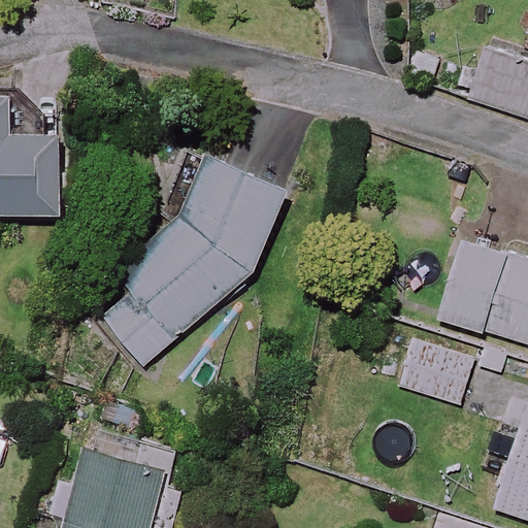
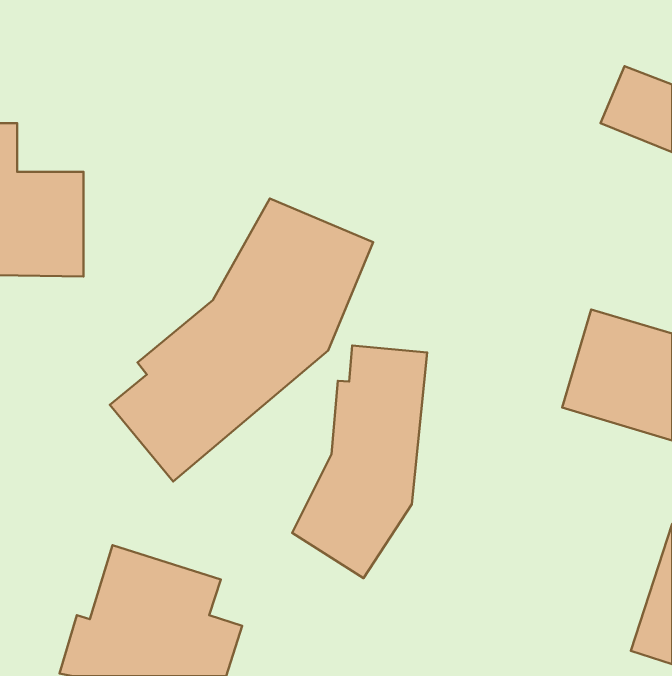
building: none -> [292,346,427,578]
building: [396,337,472,405] -> none

